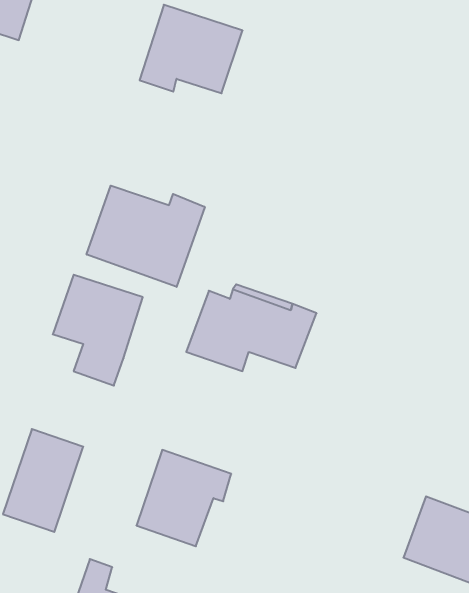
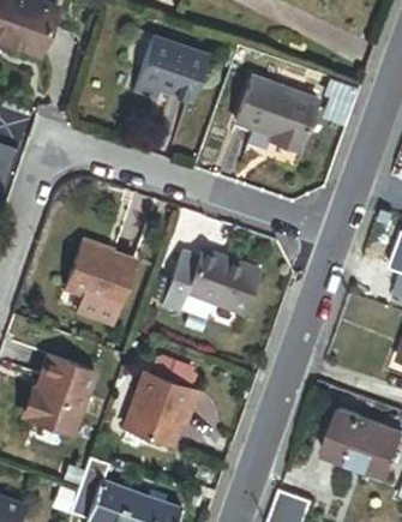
building: none -> [236,79,318,152]
building: [87,186,205,287] -> none

